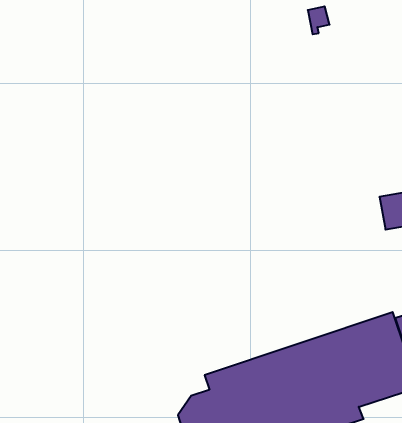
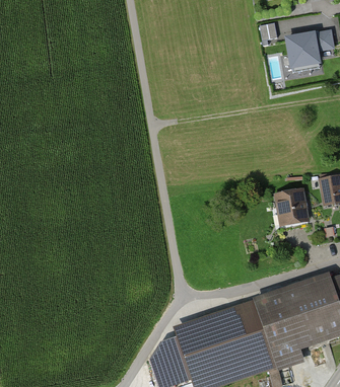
building: none -> [286,27,333,64]
building: none -> [275,187,311,229]

